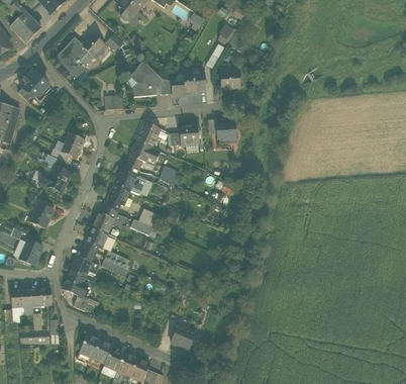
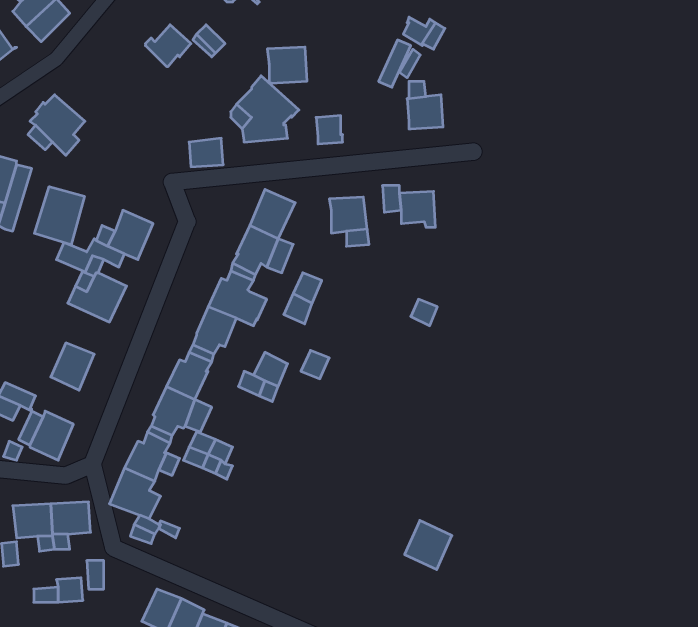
building: [56,38,92,77] -> none
building: [184,73,205,92] -> [267,47,307,83]
building: none -> [34,187,84,245]
building: [171,324,196,351] -> [405,520,452,570]

